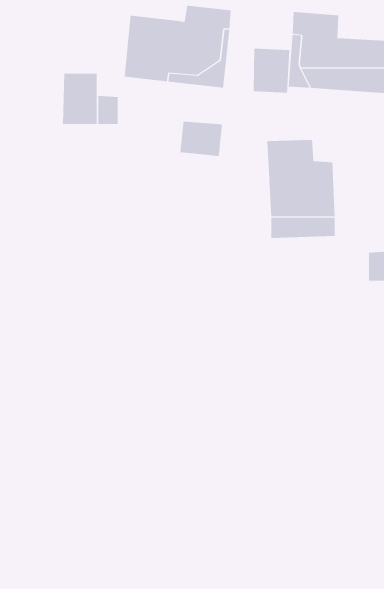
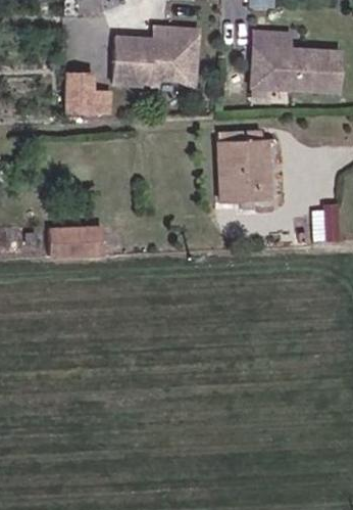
building: [253,48,290,93] -> none
building: [180,121,223,157] -> none
building: none -> [57,226,109,261]

